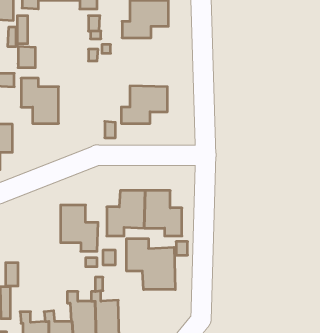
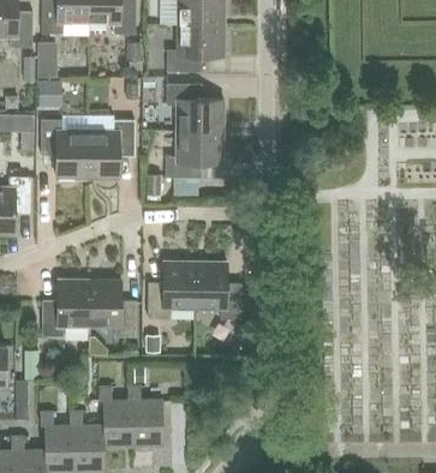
building: none -> [167,84,225,131]
building: none -> [88,120,133,176]
building: none -> [42,279,90,336]
building: [127,239,175,290] -> none

